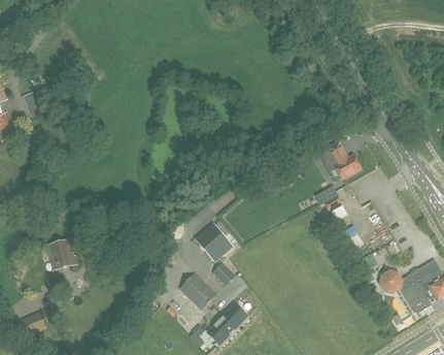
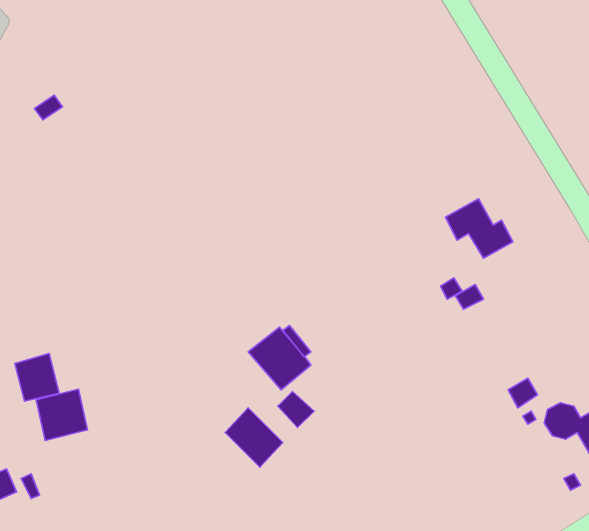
building: none -> [36,389,87,441]
building: [207,306,238,344] -> none

